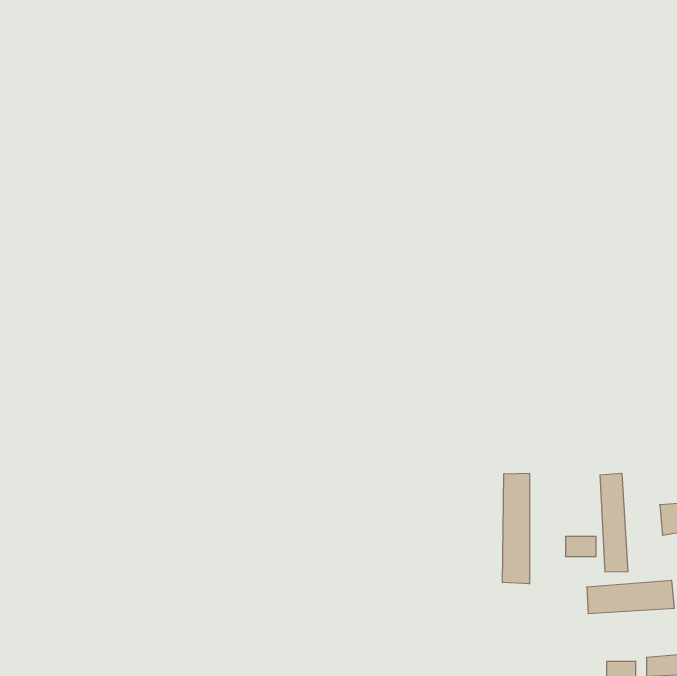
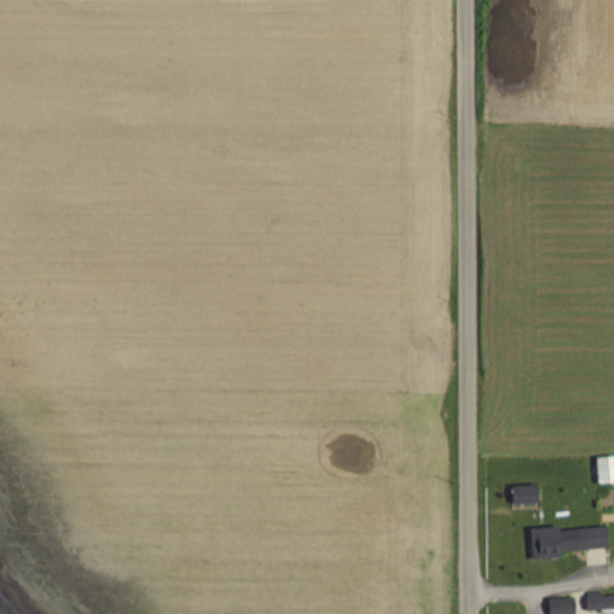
building: [600,473,628,572] -> none
building: [503,473,529,584] -> none

